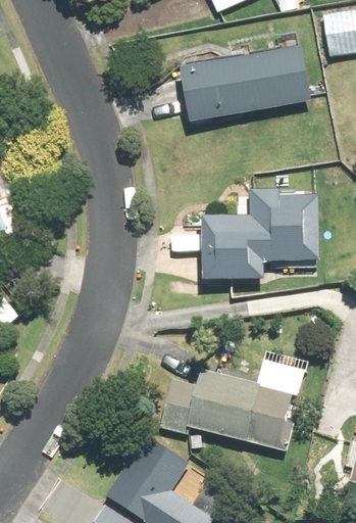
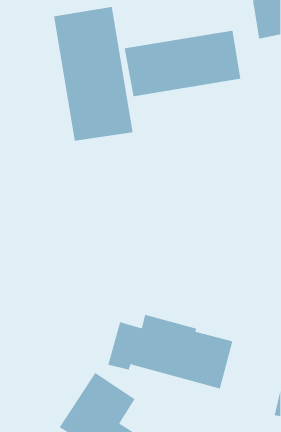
building: none -> [54,6,133,142]
building: [201,193,318,281] -> none

